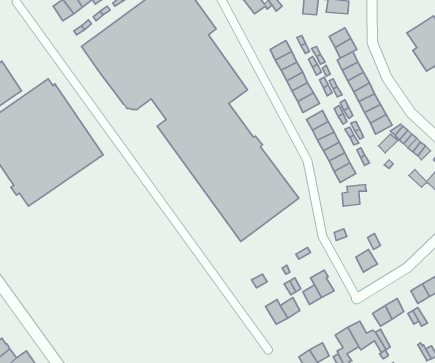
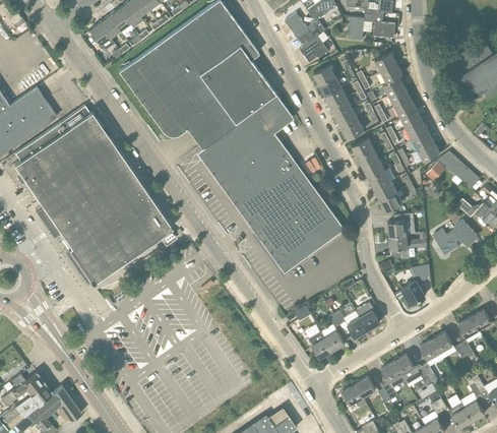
building: none -> [299,28,329,62]
building: none -> [64,183,177,283]
building: none -> [434,220,478,253]
building: none -> [389,232,427,258]

